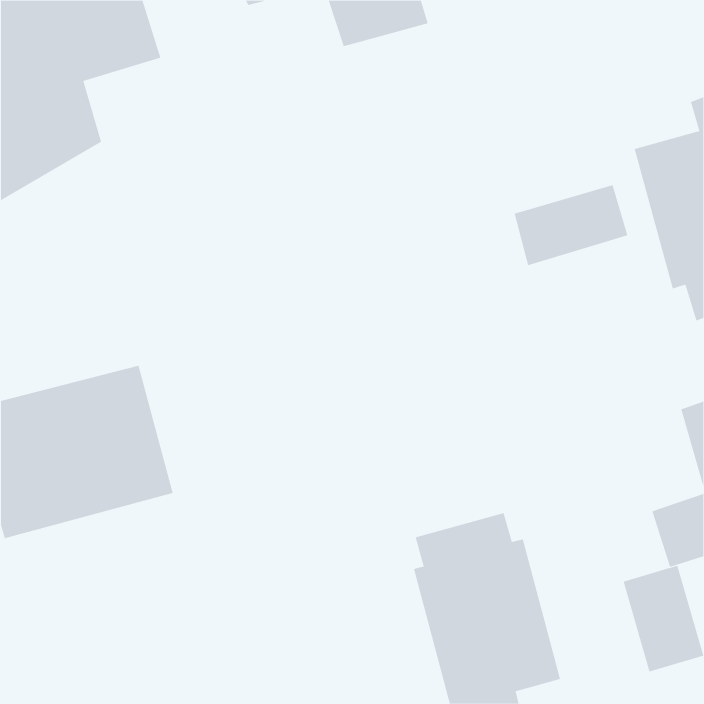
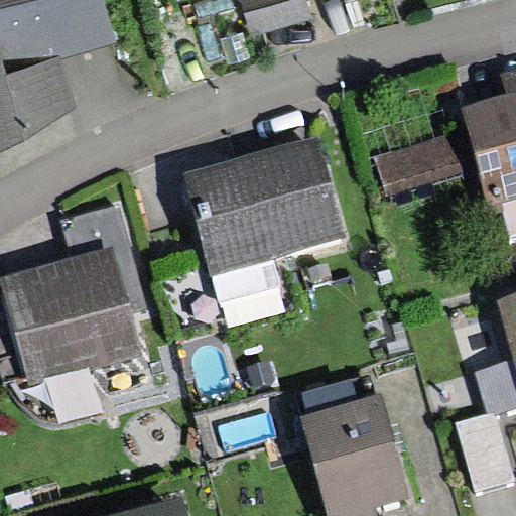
building: none -> [183,133,344,300]

